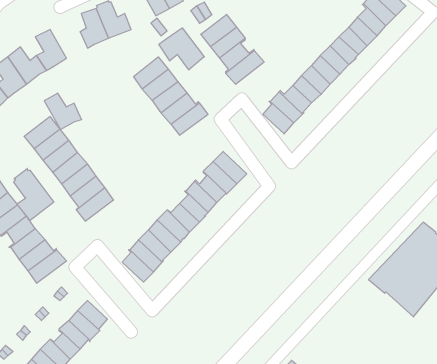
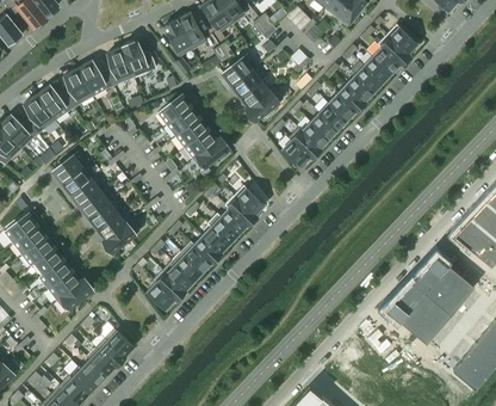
building: [159,28,204,70] -> none
building: [44,93,82,129] -> [78,62,113,97]
building: [14,168,54,221] -> none

